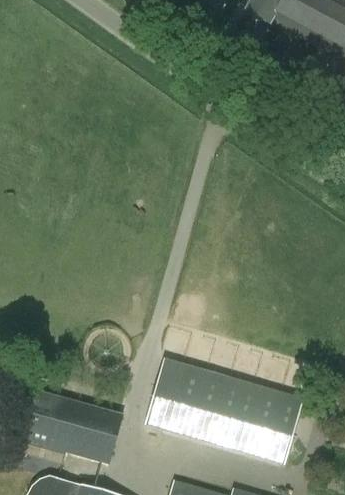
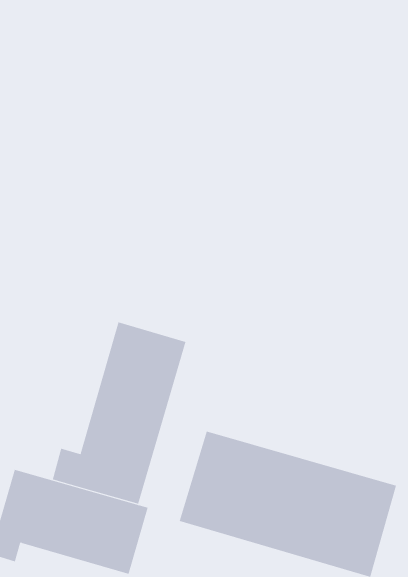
building: none -> [52,322,186,505]

